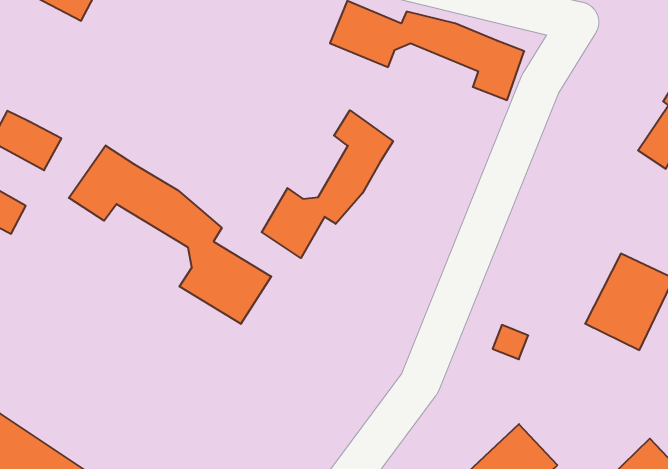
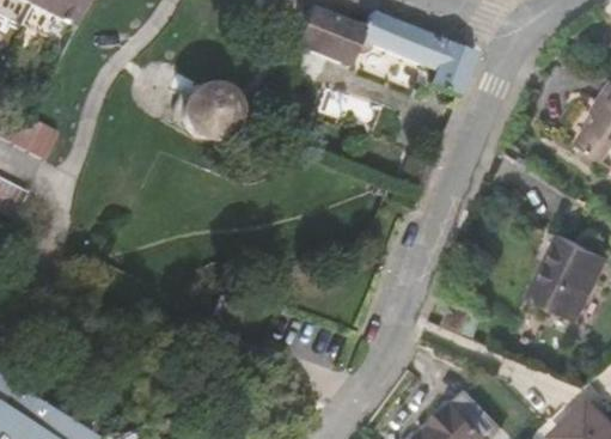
building: none -> [182,84,236,138]
building: [262,110,393,258] -> none
building: [69,145,271,324] -> none

